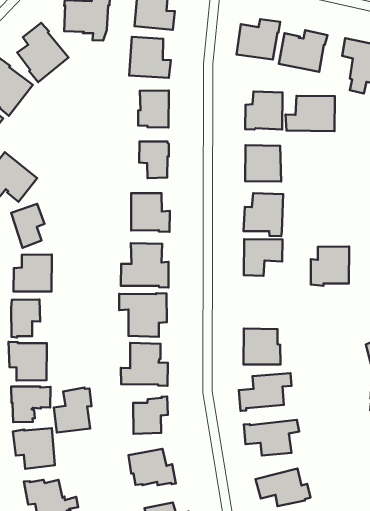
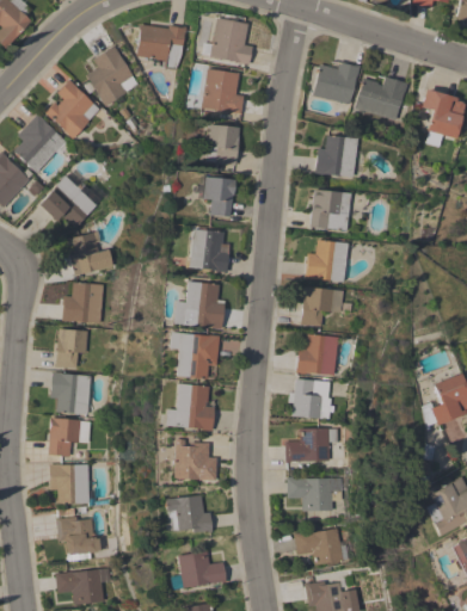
building: [286,96,335,131] -> none
building: [311,247,349,286] -> [296,334,339,375]
building: [54,388,92,433] -> none

